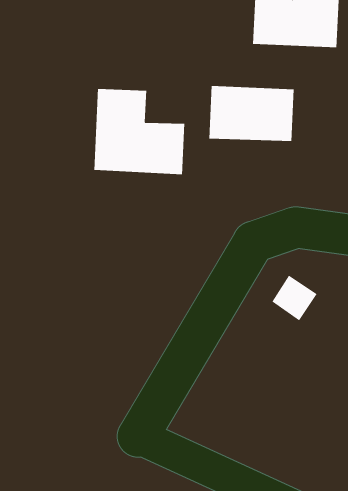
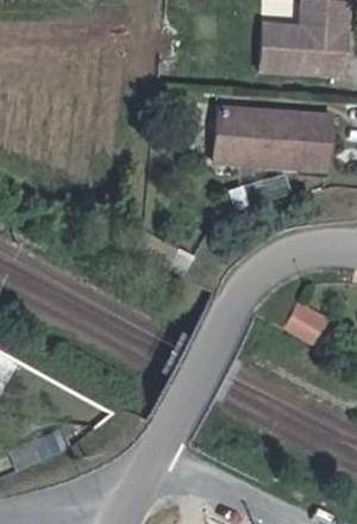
building: [94,88,185,175] -> none
building: none -> [300,116,332,168]

